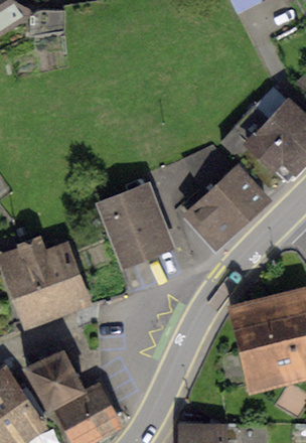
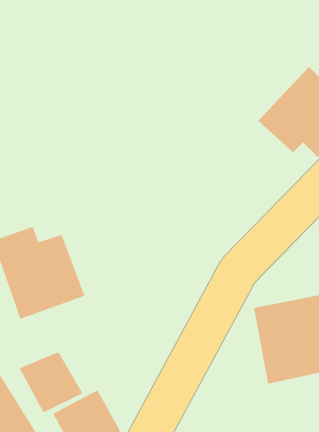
building: [181,162,272,251] -> none
building: [98,187,172,270] -> none

